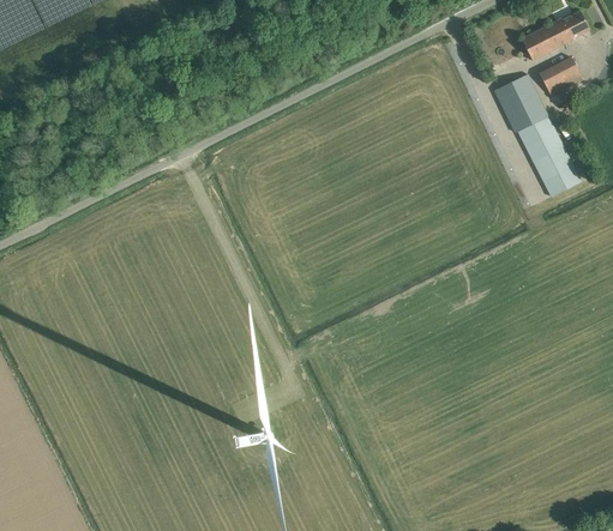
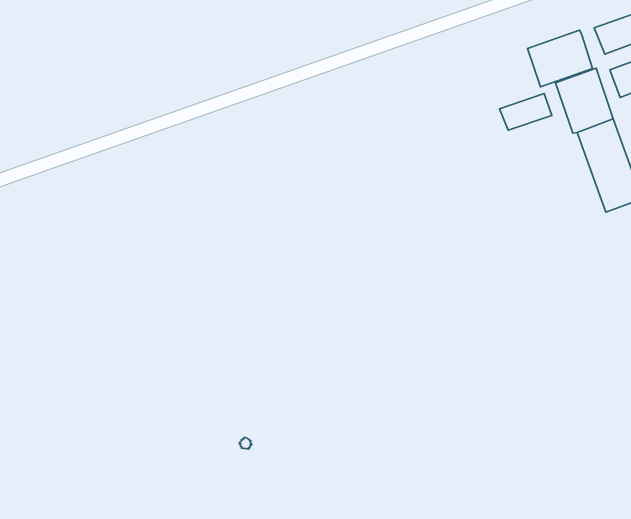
building: none -> [528,30,592,87]
building: none -> [500,94,552,130]

